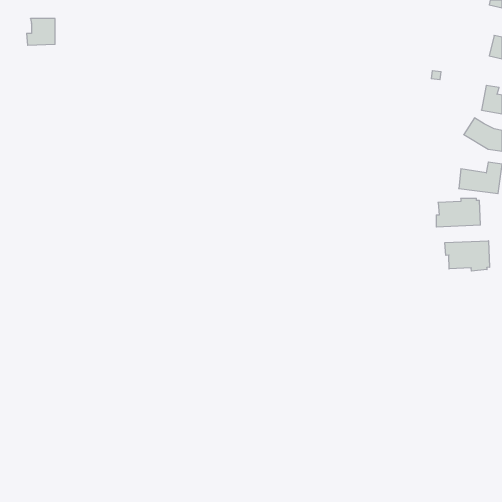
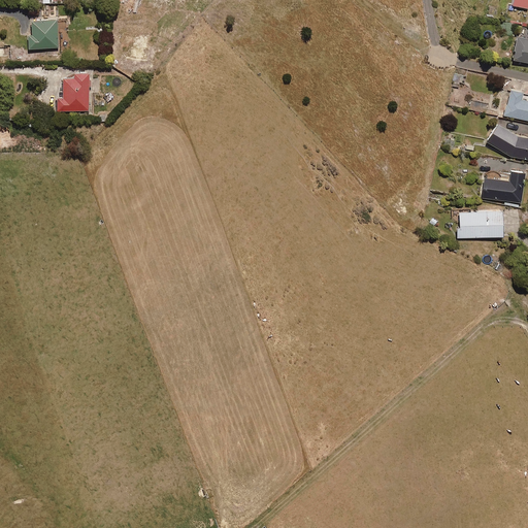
building: none -> [57,73,90,111]
building: [445,241,490,271] -> none

